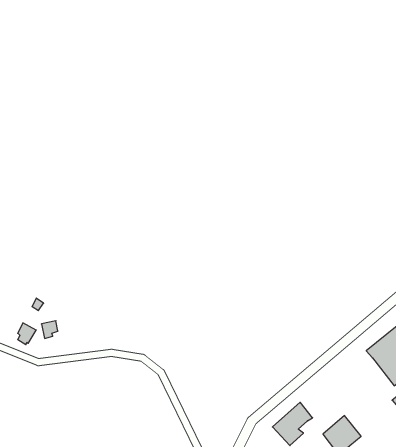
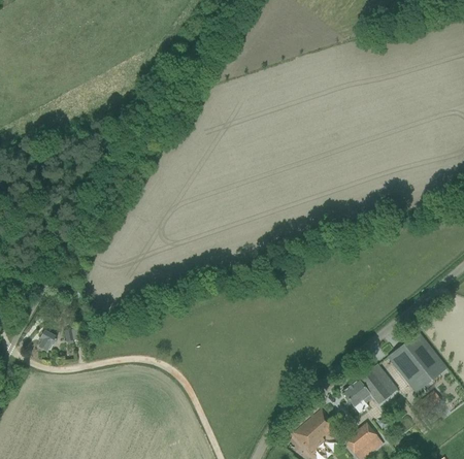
building: none -> [342,365,397,414]

